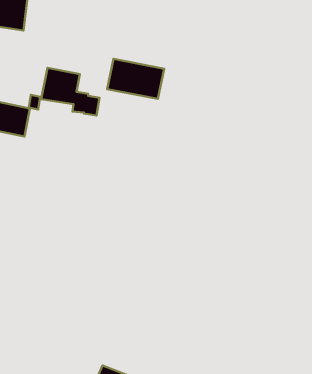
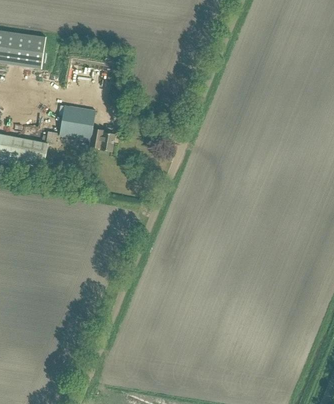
building: [107,59,164,99] -> none

